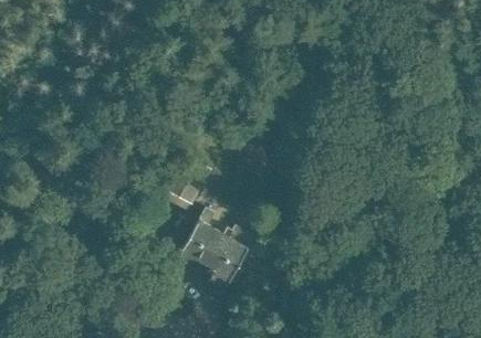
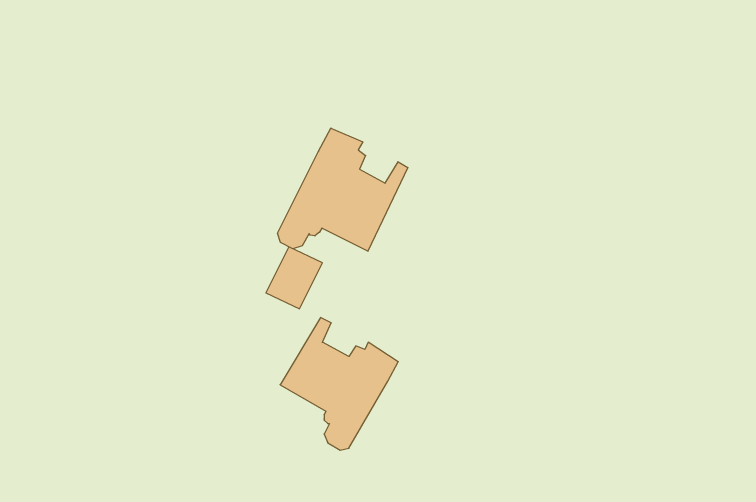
building: none -> [278,128,408,251]

